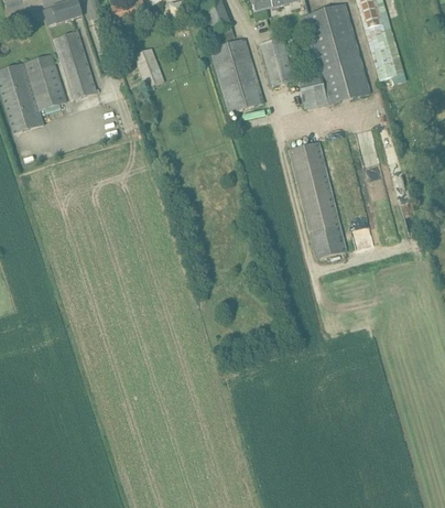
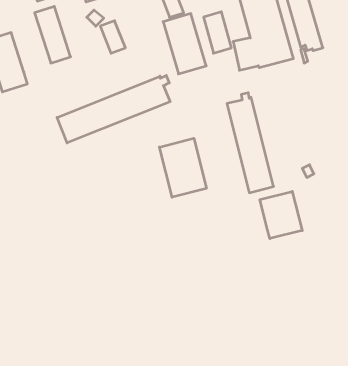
building: [24,54,67,114] -> none
building: none -> [57,75,170,143]
building: none -> [159,138,206,197]
building: none -> [260,191,302,239]

